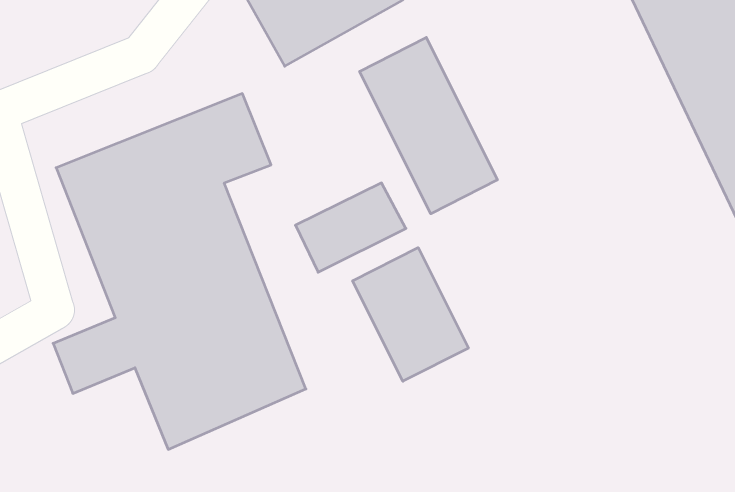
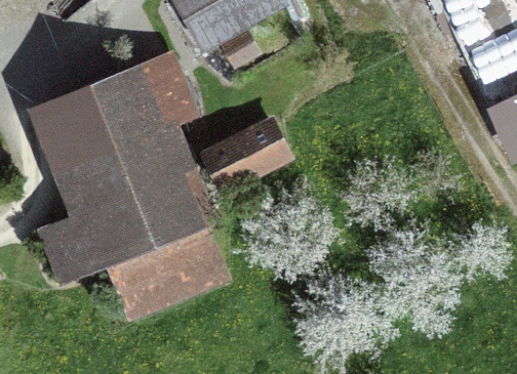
building: [360,37,497,214] -> none
building: [353,248,468,381] -> none

